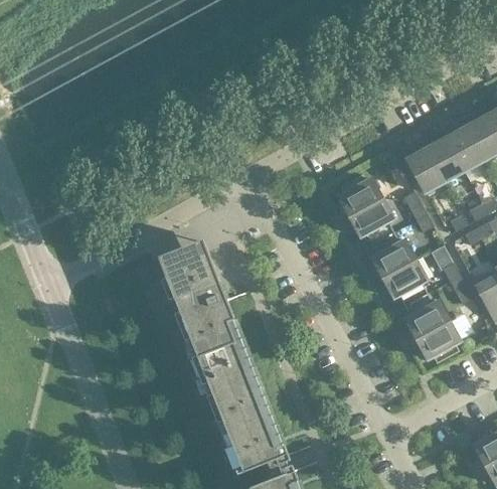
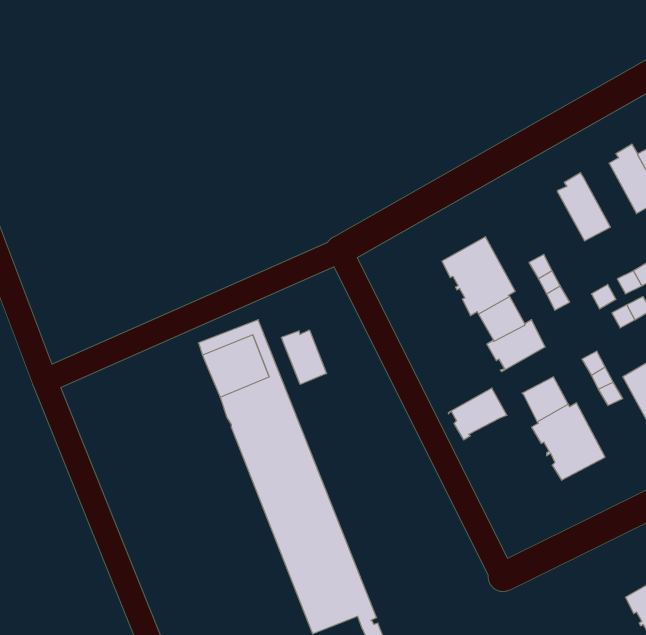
building: [444,122,483,173] -> none
building: [402,143,445,194] -> none
building: none -> [282,330,327,384]
building: [383,262,427,300] -> [448,388,507,440]

